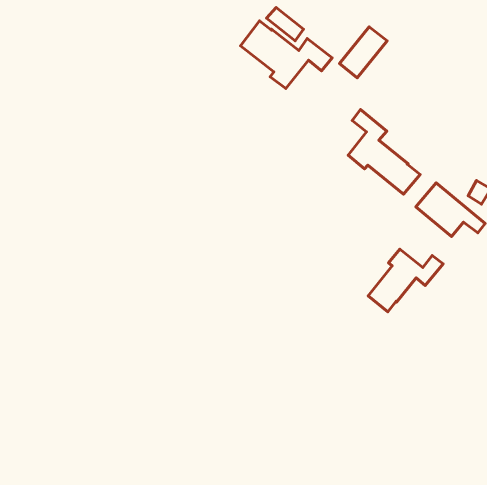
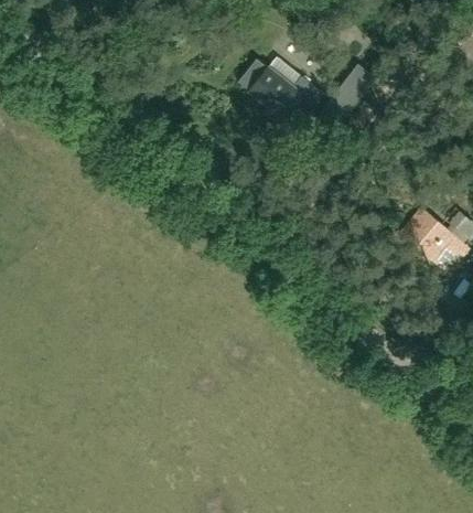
building: [348,109,420,194] -> none
building: [368,249,443,312] -> none

